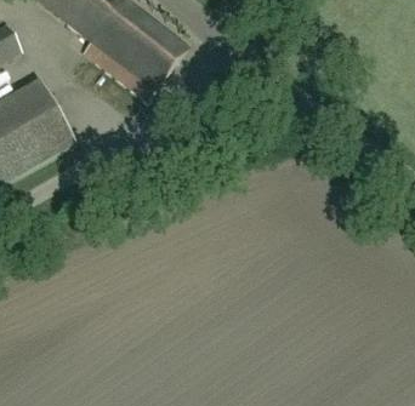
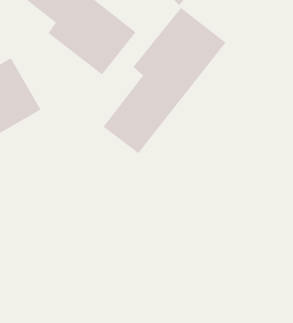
building: none -> [102,7,227,154]

